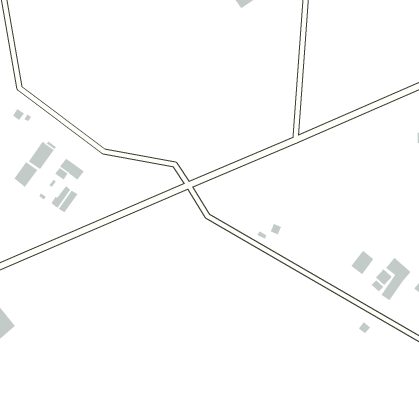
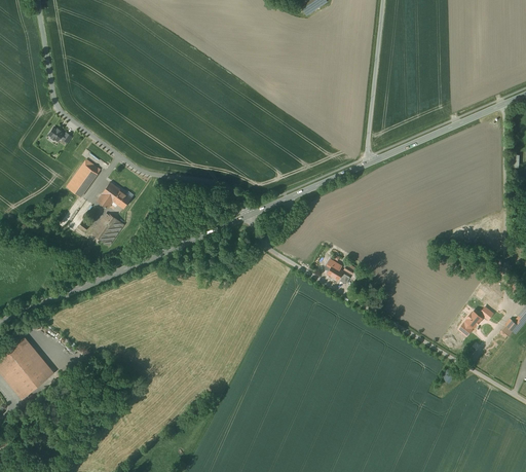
building: [14,161,38,188] -> none
building: [350,250,374,275] -> none

